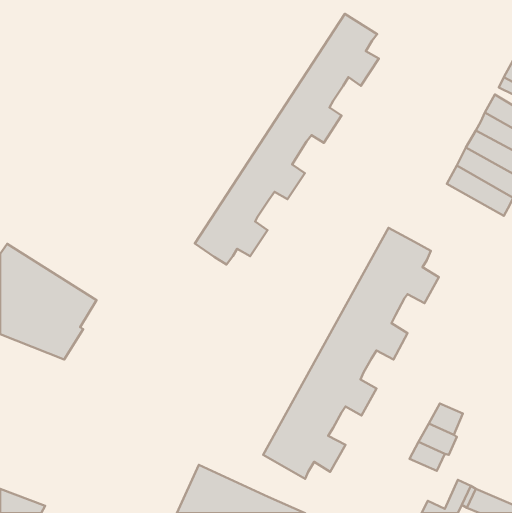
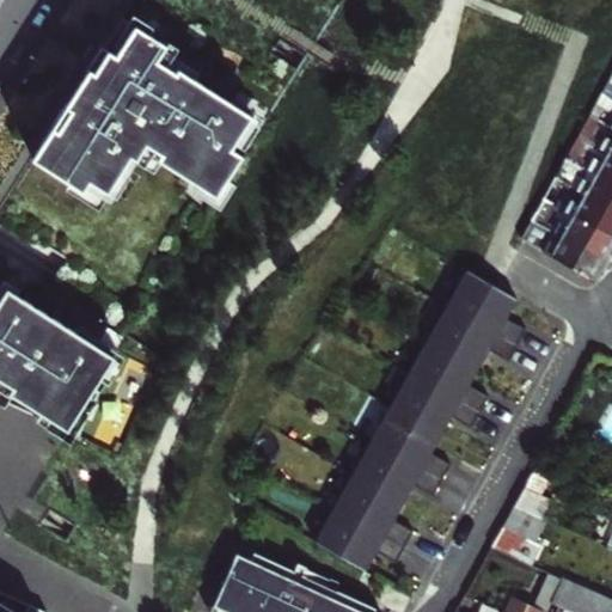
building: [195,14,379,264] -> none
building: none -> [35,19,253,204]
building: none -> [520,219,601,279]

